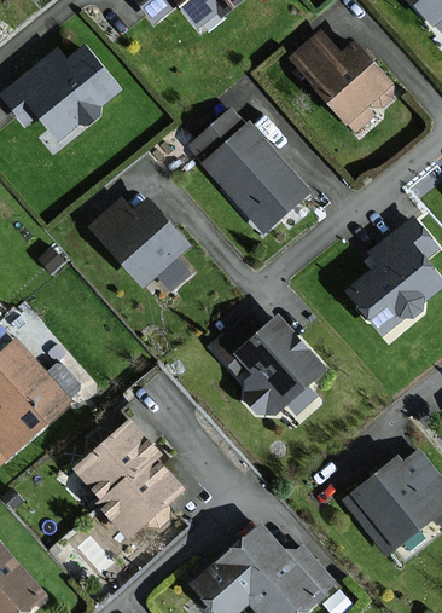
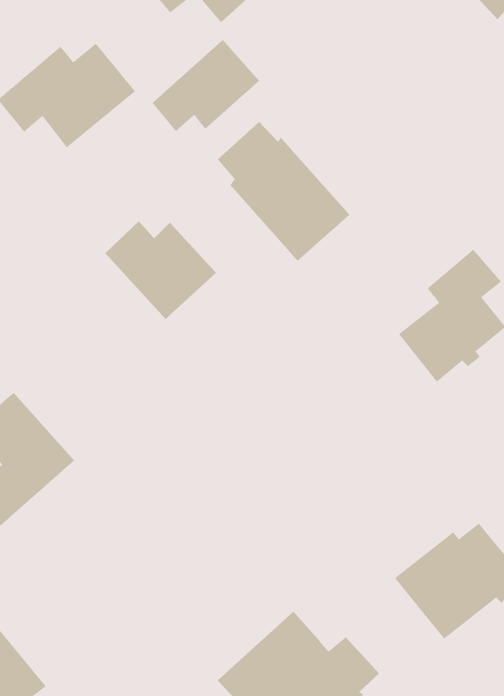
building: [289,35,386,122] -> none
building: none -> [152,39,260,132]
building: [213,314,320,415] -> none
building: [82,417,184,533] -> none

